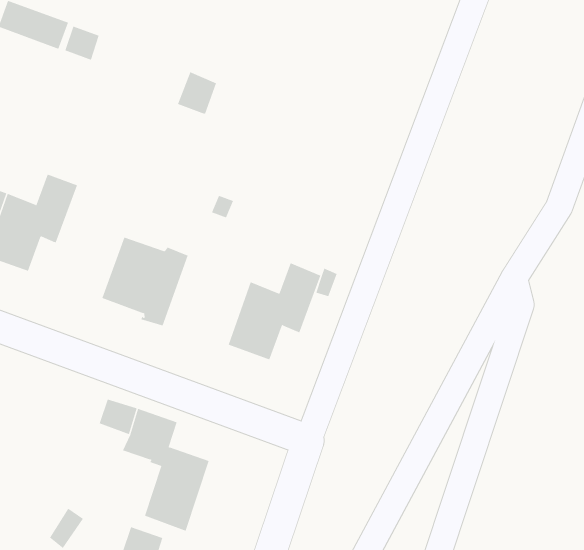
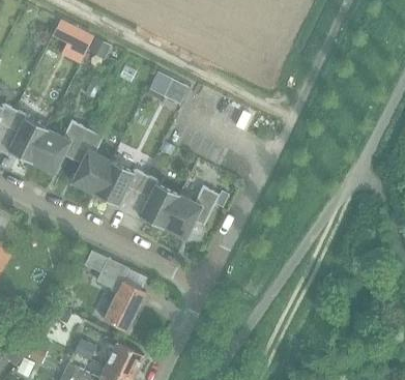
building: none -> [70,128,110,194]
building: none -> [126,175,178,228]

